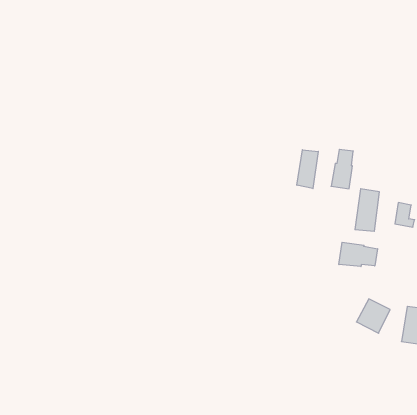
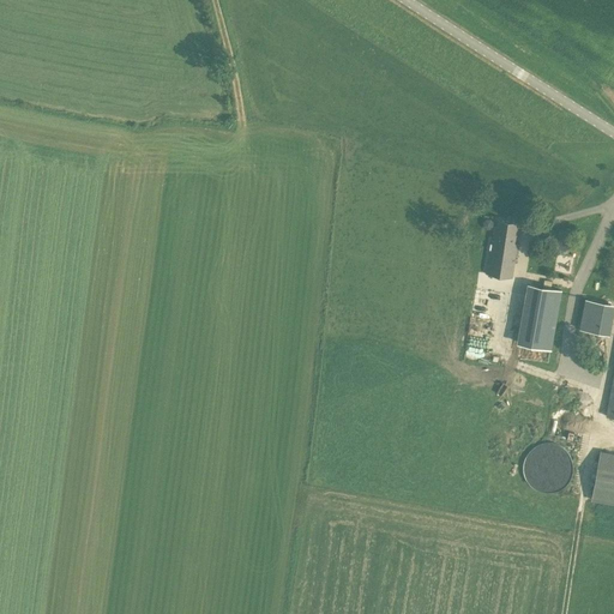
building: [297,150,318,189] -> none
building: [339,242,378,267] -> none

